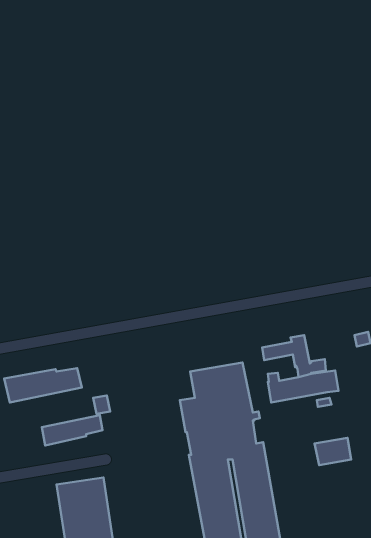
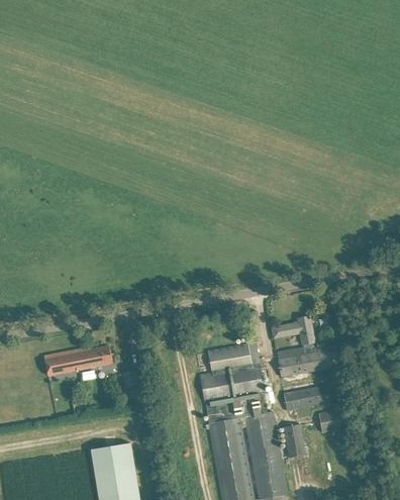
building: none -> [283,386,326,414]
building: [42,415,103,446] -> none
building: none -> [283,424,306,459]

